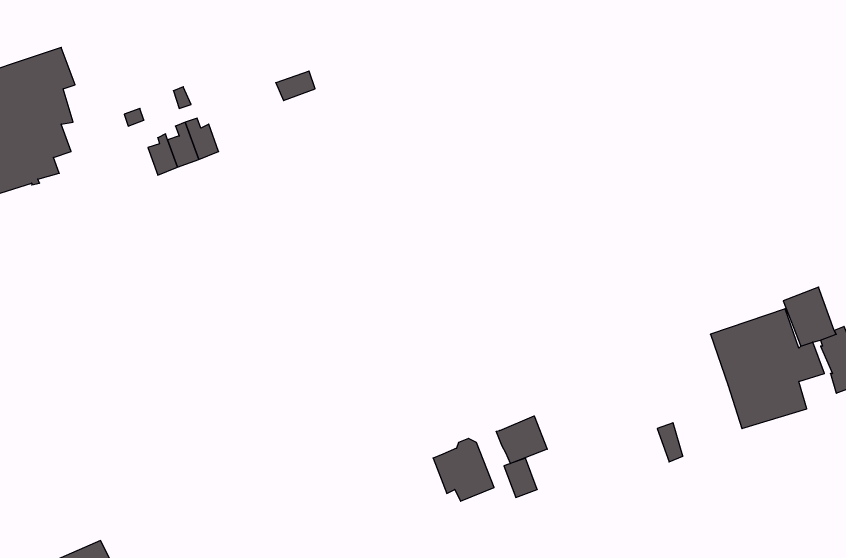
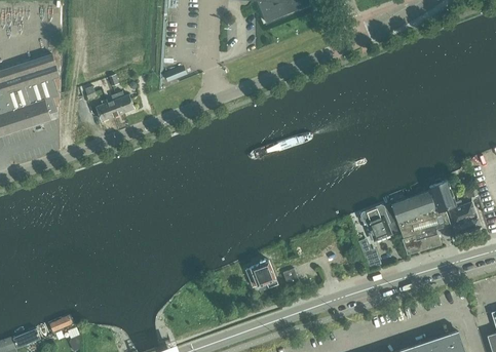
building: none -> [361,204,400,241]
building: [496,416,547,464] -> none

